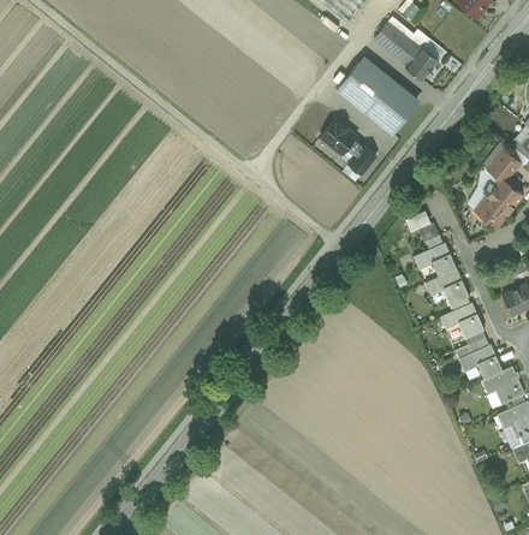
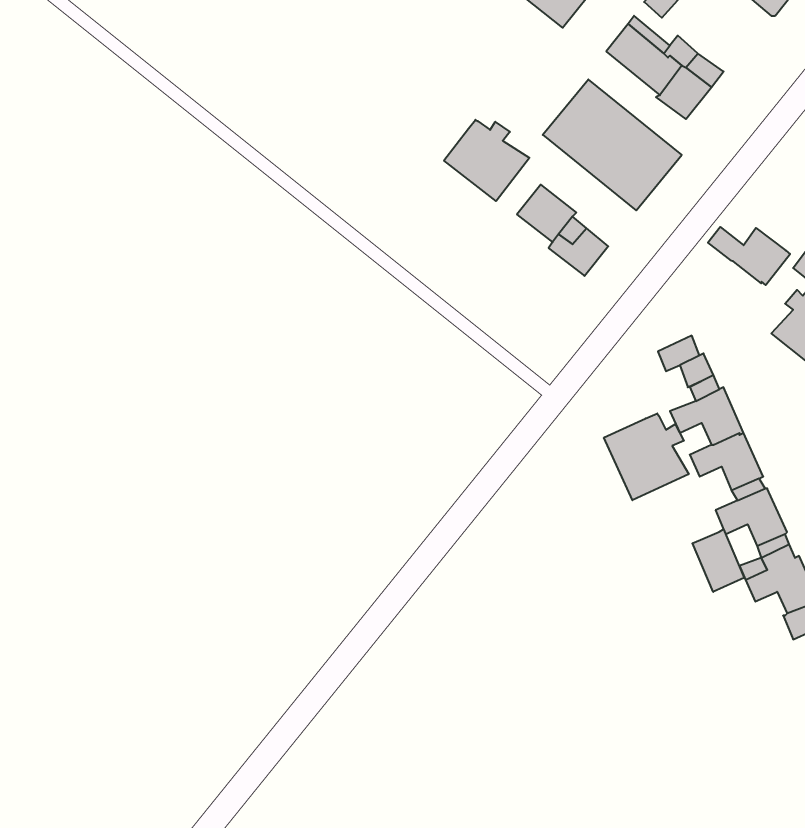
building: none -> [444,120,529,201]
building: none -> [708,227,790,285]
building: none -> [604,413,689,500]
building: none -> [692,529,744,592]

